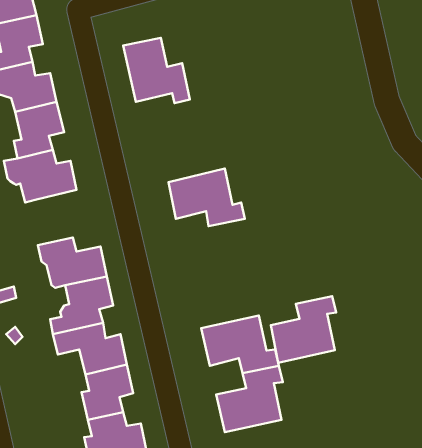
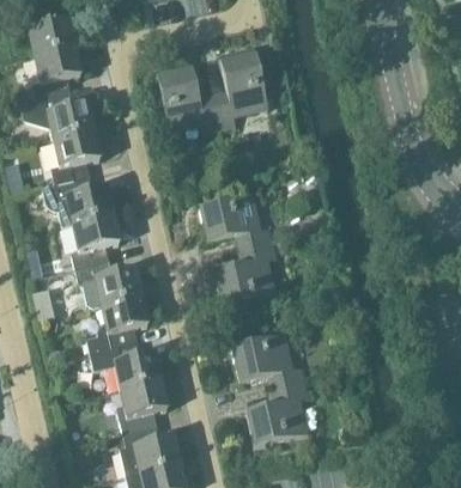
building: none -> [213,54,268,128]
building: none -> [72,214,120,267]
building: [271,296,336,363] -> [214,242,277,305]

